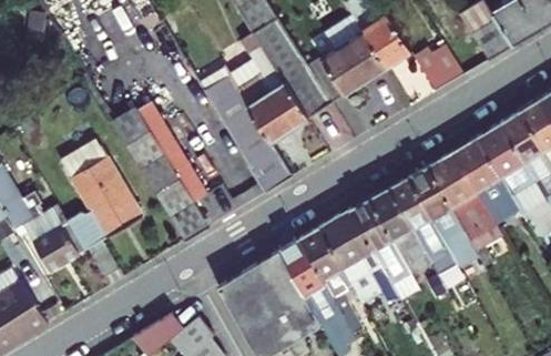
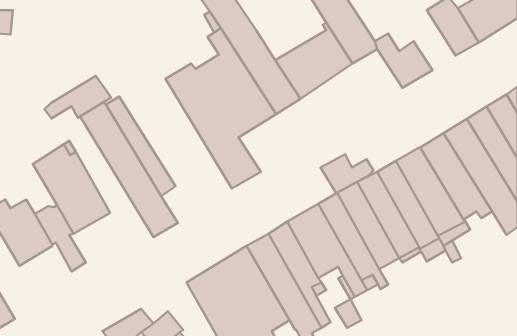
building: none -> [45,76,111,119]
building: none -> [321,154,374,193]

